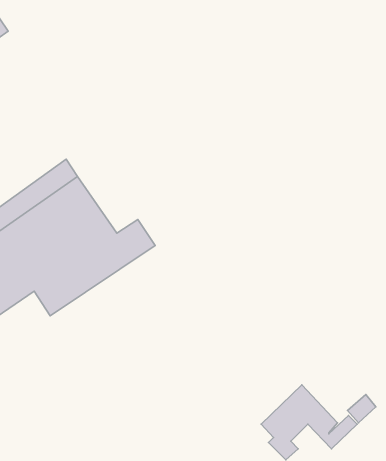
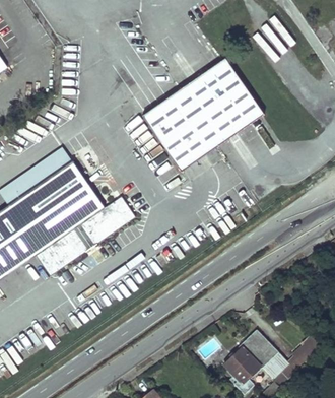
building: none -> [142,57,263,171]

